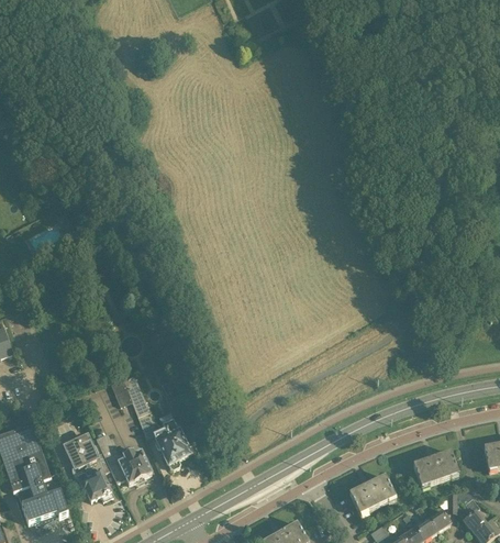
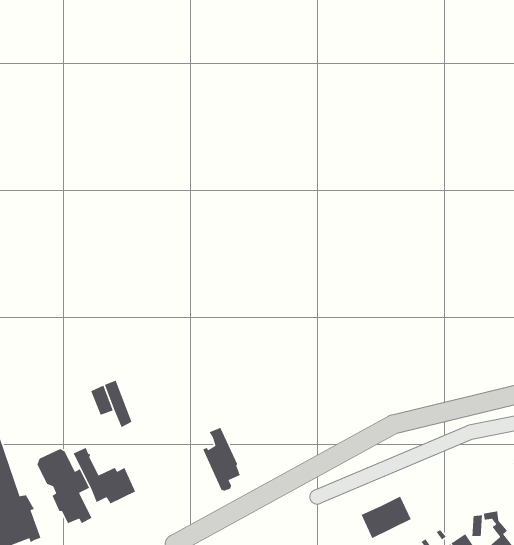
building: [154,412,188,469] -> [202,427,241,492]
building: [413,452,458,487] -> none

